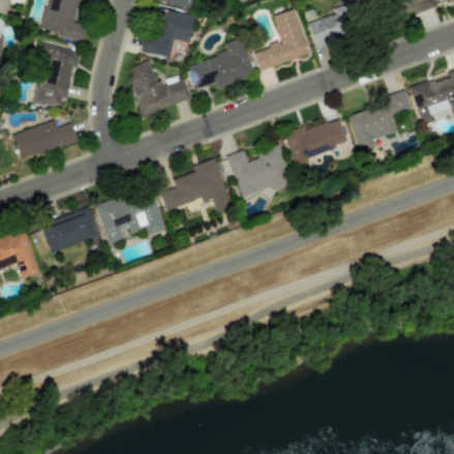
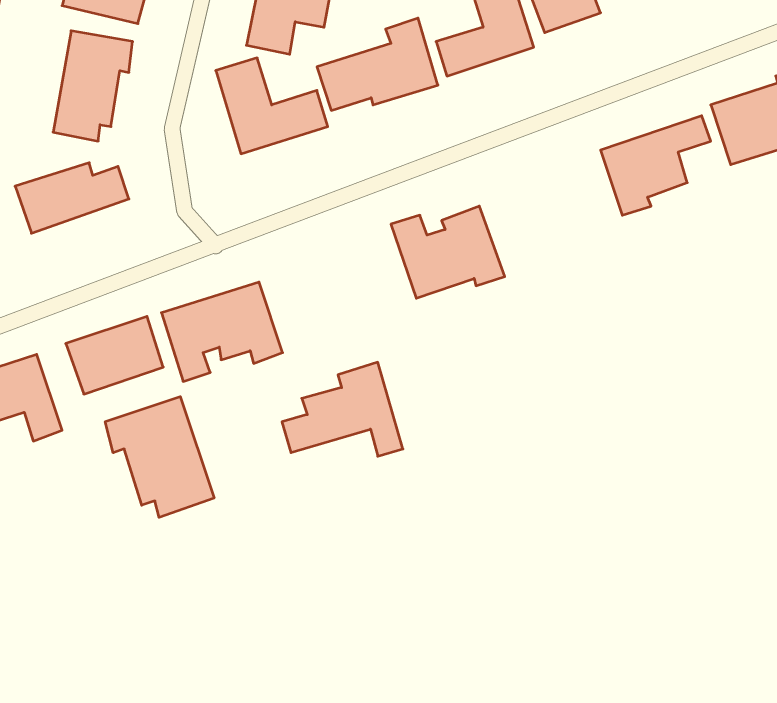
building: [284,118,350,162] -> none
building: [162,158,232,212] -> [282,362,403,456]
building: none -> [105,397,214,517]

